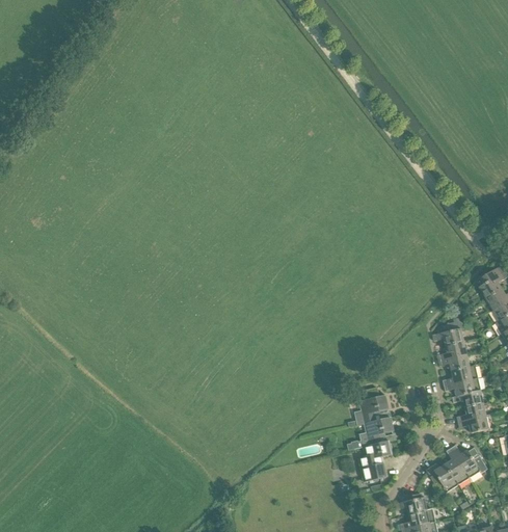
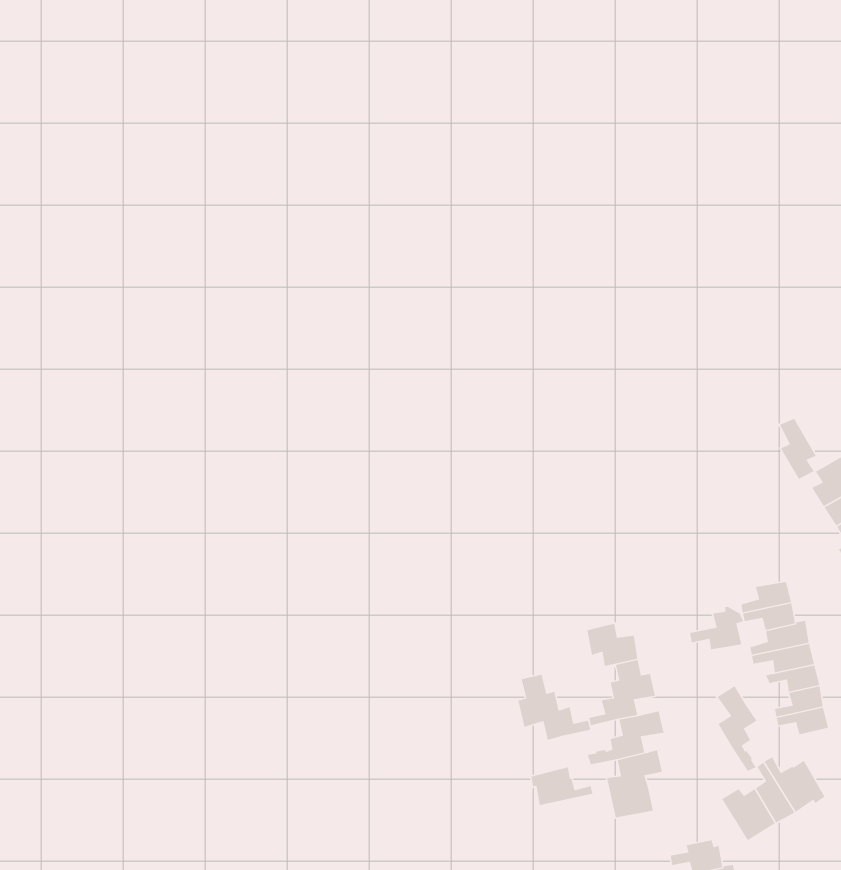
building: none -> [779,418,817,480]
building: [433,319,465,345] -> [689,606,744,650]
building: none -> [587,623,638,667]
building: none -> [517,674,591,741]
building: none -> [716,685,757,772]
building: none -> [530,766,593,806]

